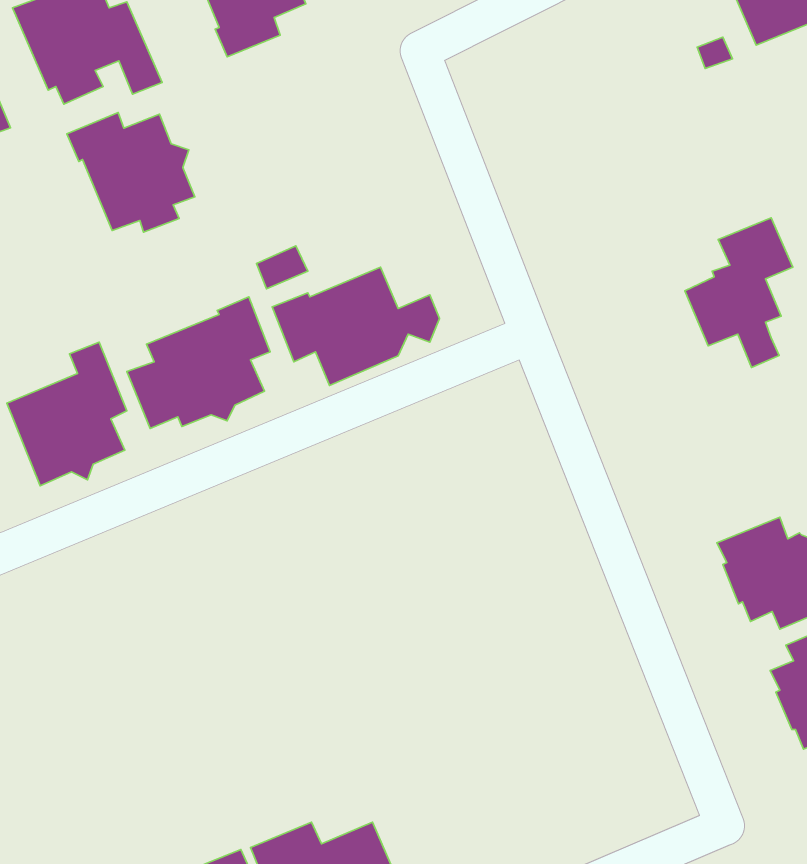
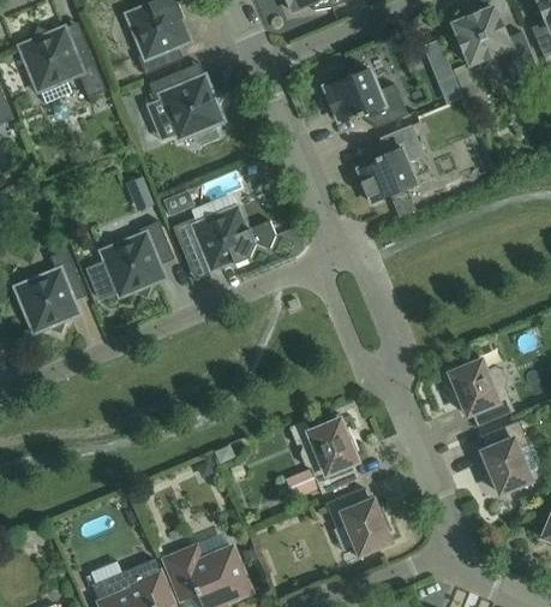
building: none -> [323,63,407,129]
building: [67,112,195,232] -> [149,71,227,144]
building: [685,218,793,367] -> [358,125,424,216]
building: none -> [288,419,358,494]
building: none -> [325,492,391,554]

